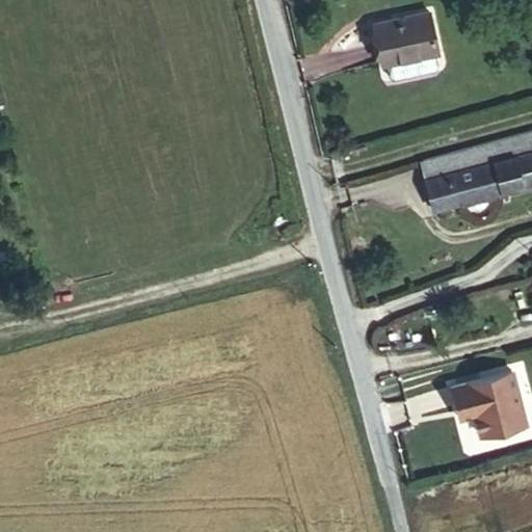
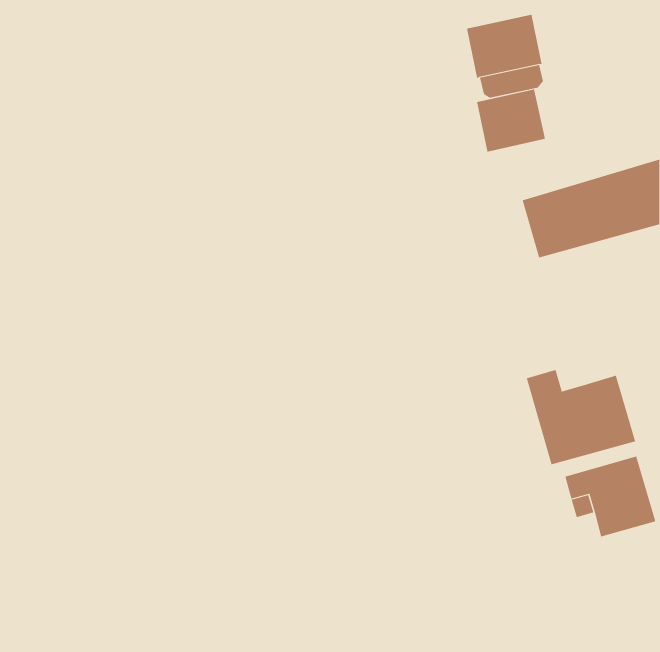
building: none -> [476,89,546,152]
building: none -> [526,369,636,465]

